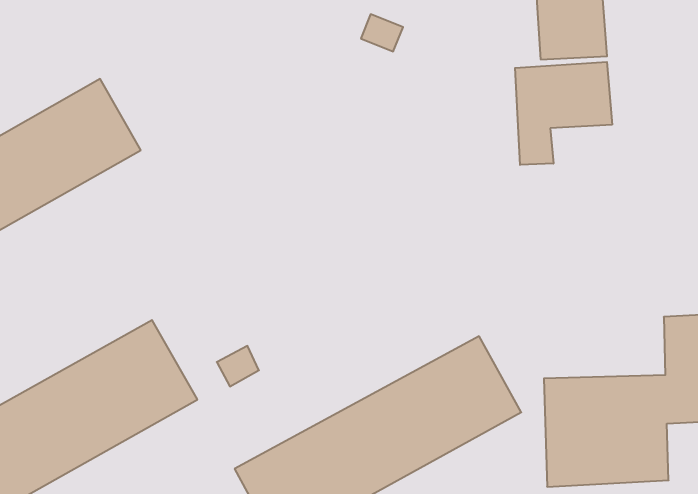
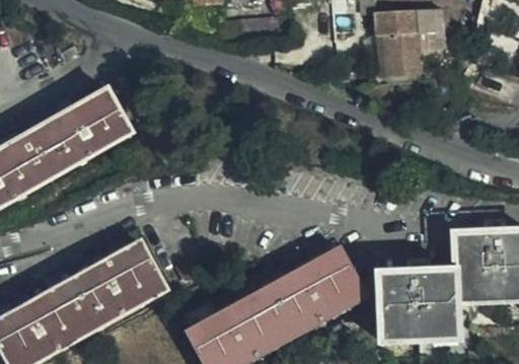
building: [515,62,612,165] -> none

